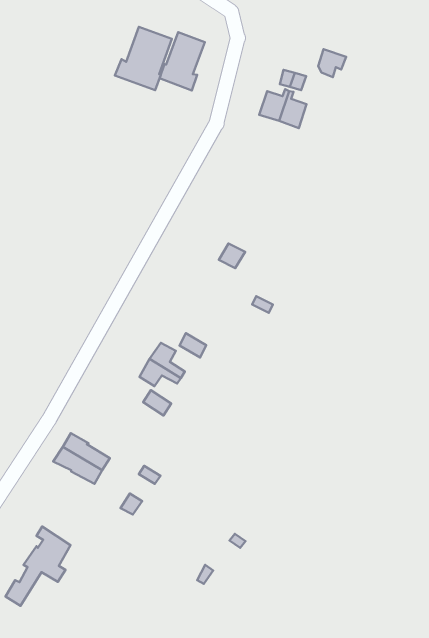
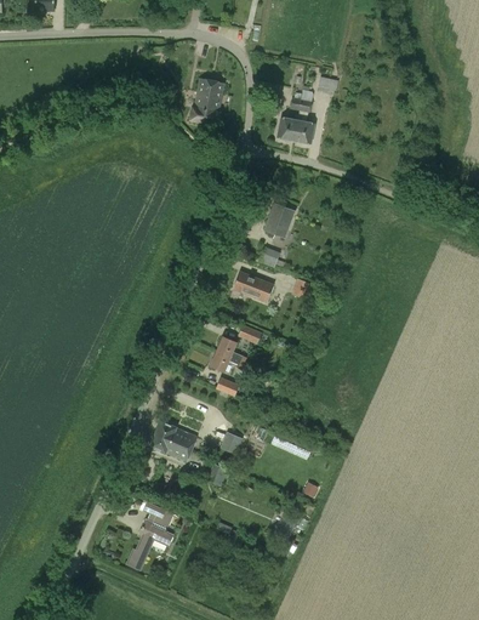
building: [115,27,172,90] -> none
building: none -> [264,203,295,235]
building: none -> [233,271,273,300]

